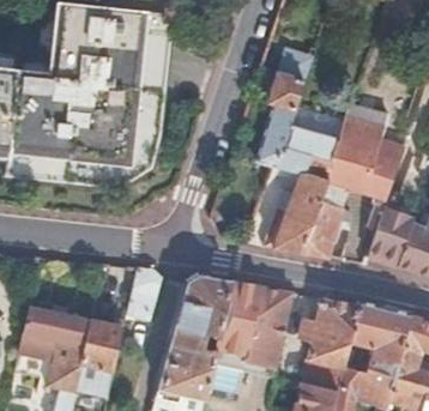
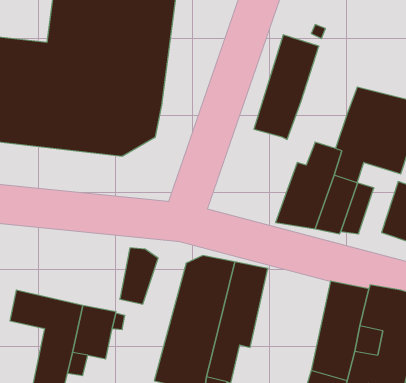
building: [277,132,333,176] -> none
building: [242,289,290,369] -> none

